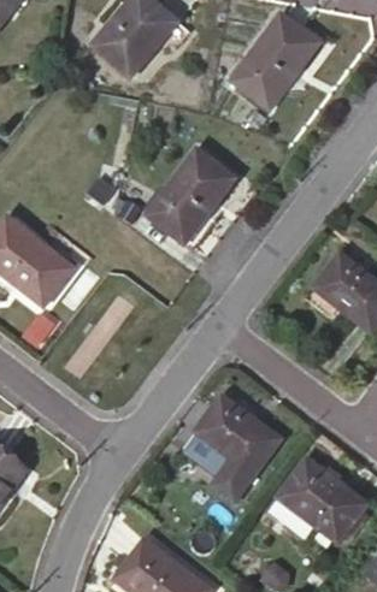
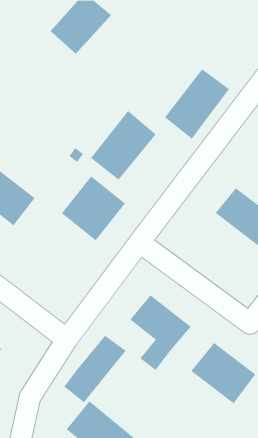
building: [230,13,318,108] -> [164,69,230,140]
building: none -> [61,176,126,241]
building: none -> [63,335,126,403]

